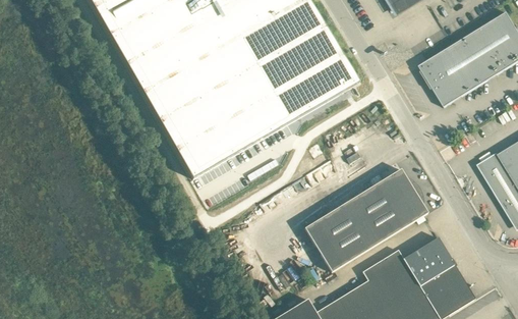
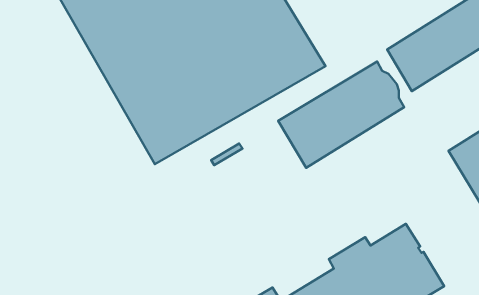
building: [304,168,427,272] -> [278,61,404,168]

